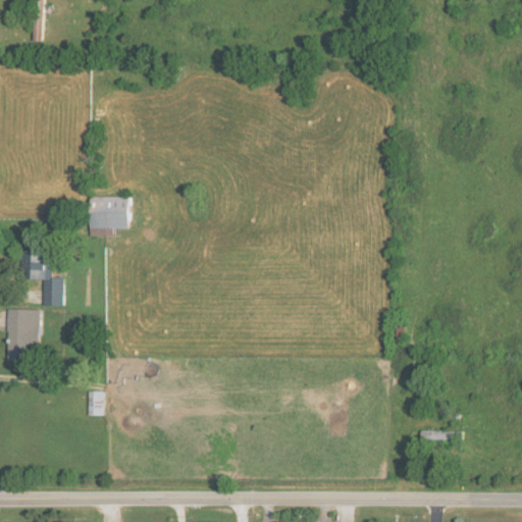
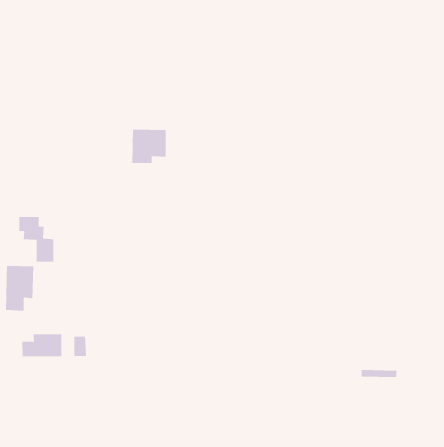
building: [89,196,129,237] -> [131,129,166,164]
building: none -> [22,334,62,357]

